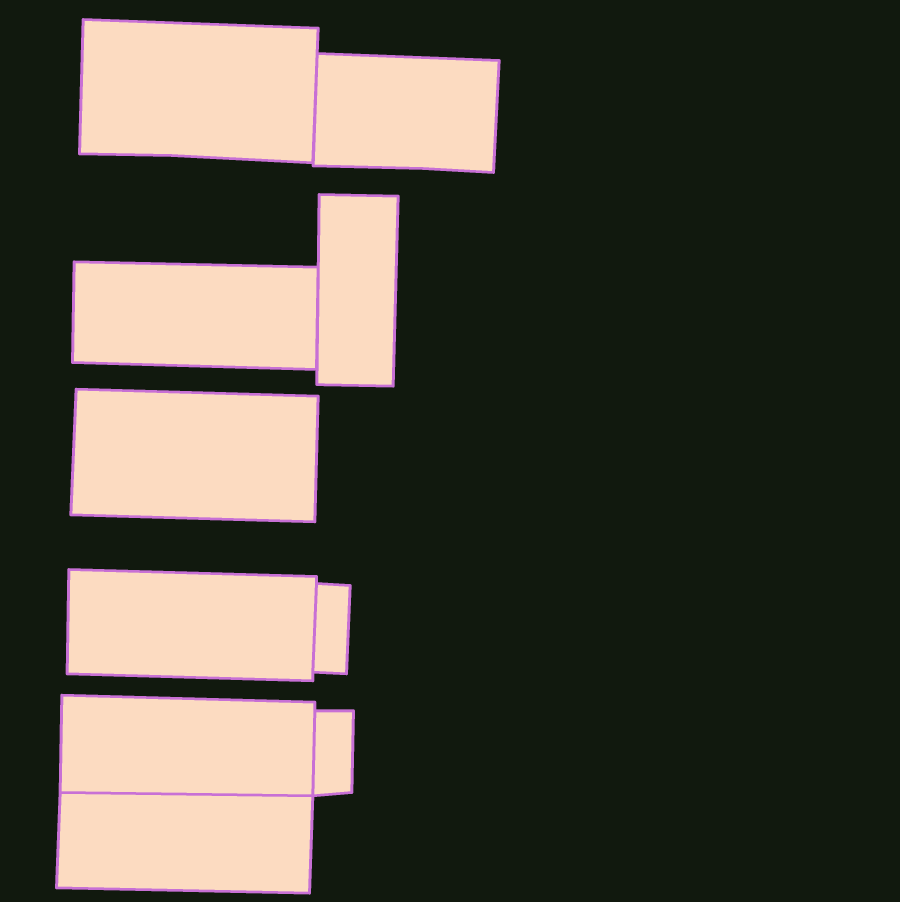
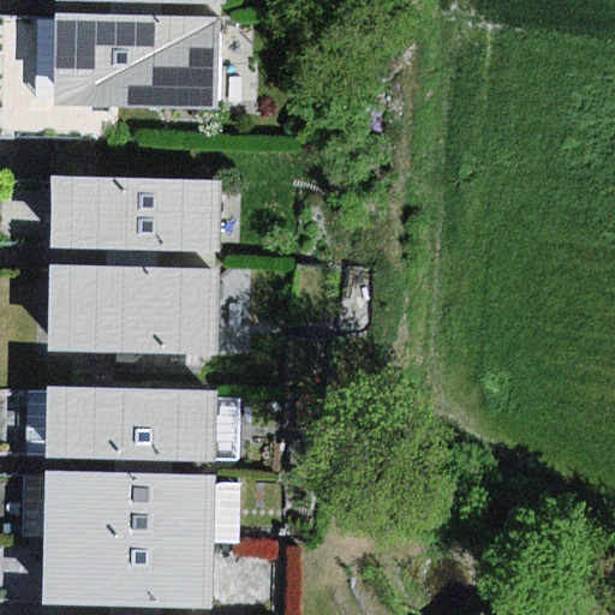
building: [313,54,499,173] -> none
building: [317,195,398,386] -> none

